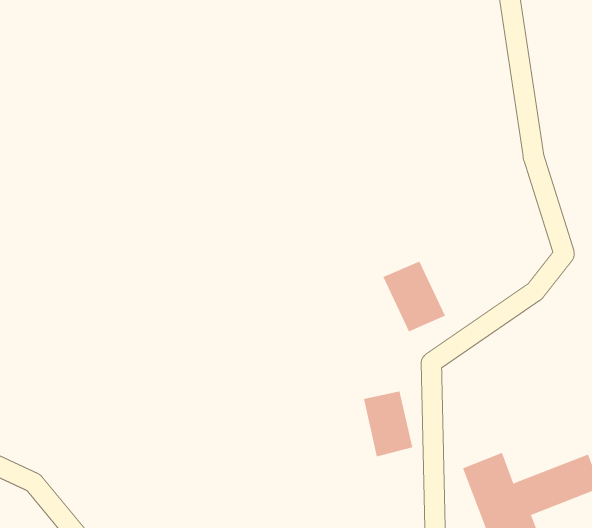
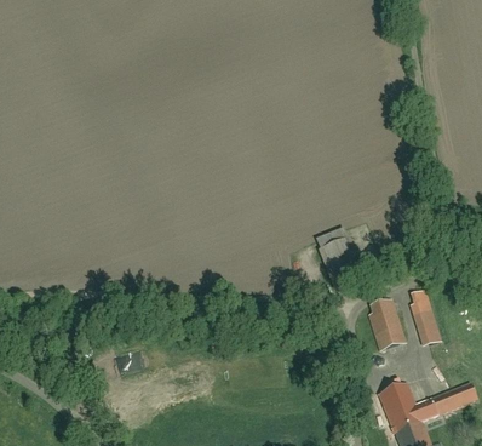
building: none -> [409,288,442,342]
building: [363,391,413,457] -> [367,301,404,350]

